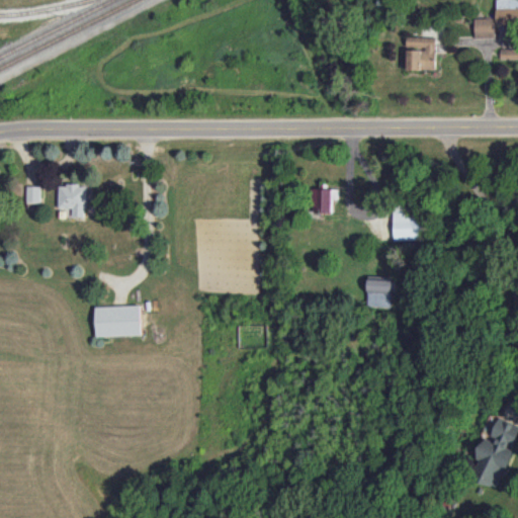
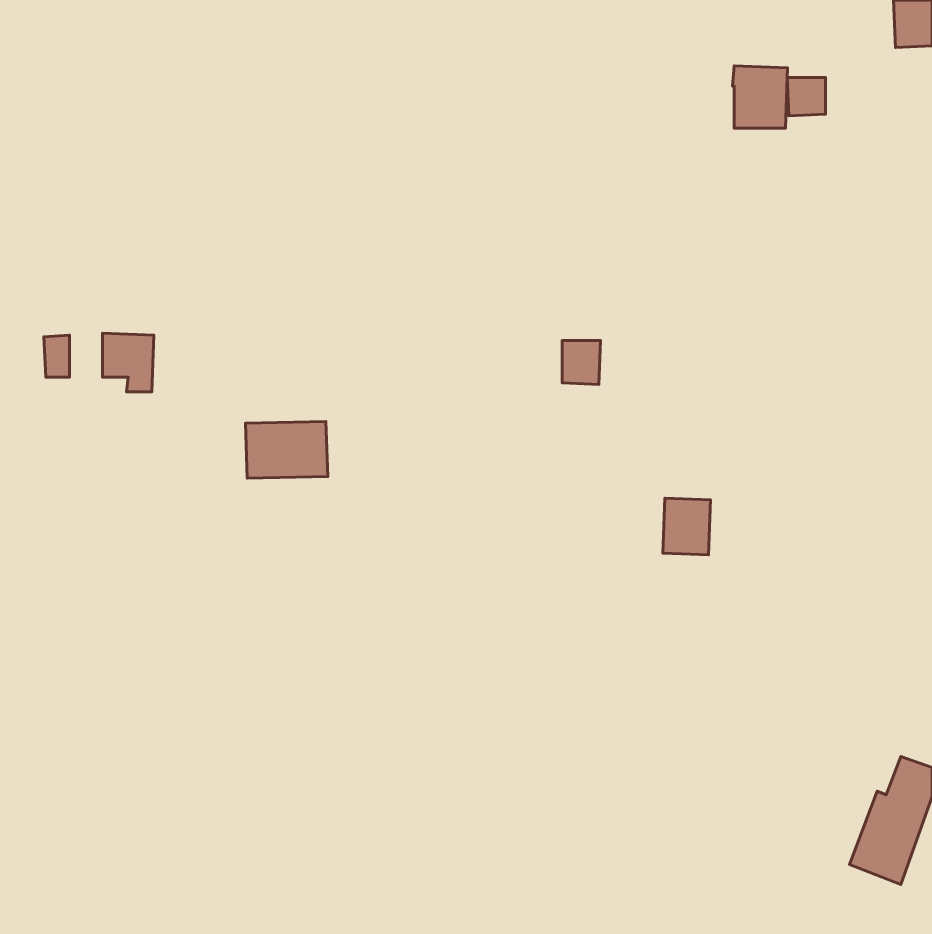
building: [472,18,494,39] -> [787,77,826,116]
building: [393,208,421,241] -> none
building: [94,306,140,337] -> [245,421,328,478]

